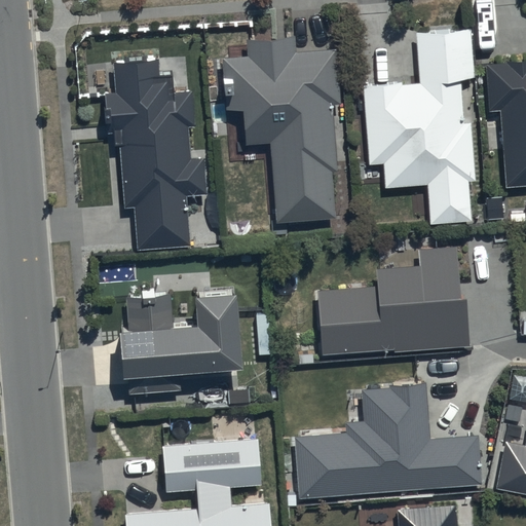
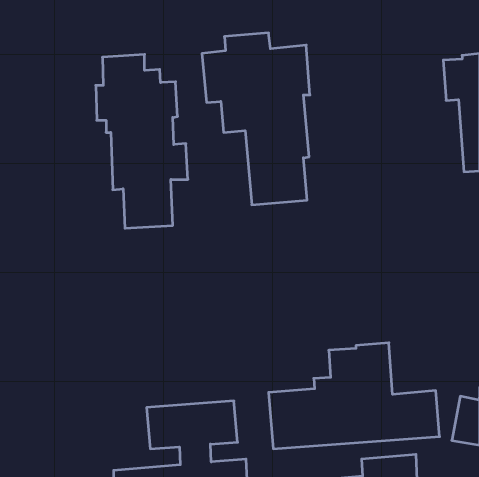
building: [364,32,476,226] -> none
building: [318,242,469,349] -> none
building: [119,297,241,398] -> none

